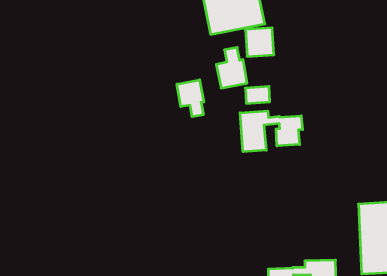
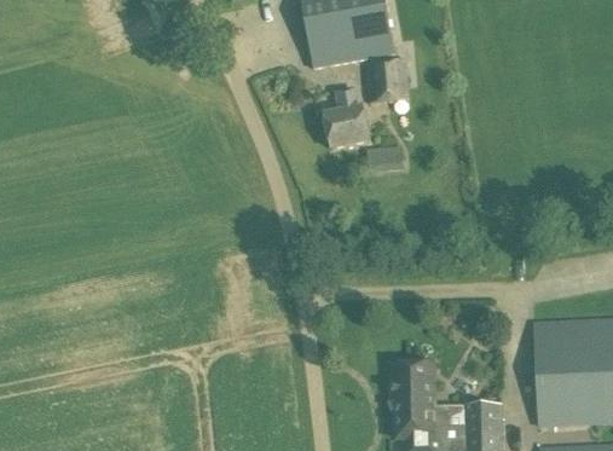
building: [177,80,204,117] -> none
building: [240,111,303,152] -> none
building: none -> [392,364,455,418]

